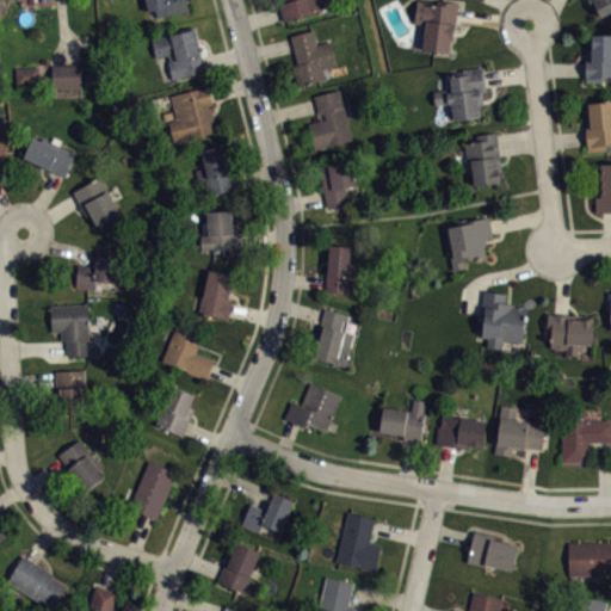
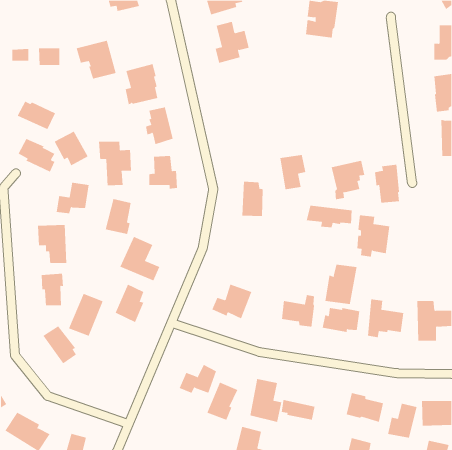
building: [150,29,205,81] -> [76,40,117,79]
building: [431,68,486,122] -> none
building: [308,91,352,152] -> none
building: [465,134,500,186] -> [374,164,400,203]
building: [320,162,356,210] -> [280,154,306,190]
building: none -> [18,138,55,173]
building: none -> [99,141,131,186]
building: [198,271,234,320] -> [105,198,131,235]
building: none -> [306,205,352,228]
building: [314,310,353,369] -> none
building: [545,315,593,357] -> none
building: none -> [325,264,357,305]
building: [129,463,177,521] -> [68,293,103,336]
building: none -> [281,399,315,420]
building: [217,542,260,594] -> [206,382,238,421]
building: none -> [388,403,417,439]

